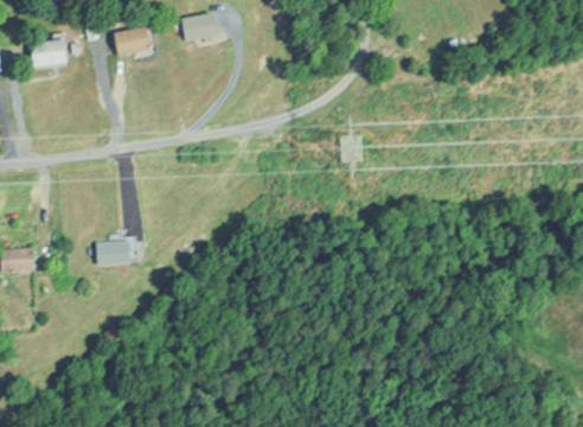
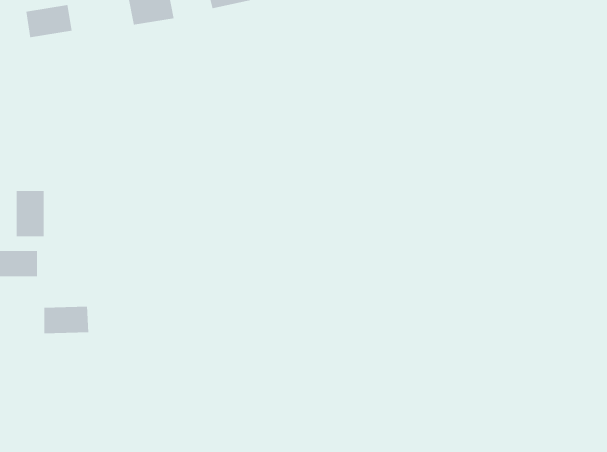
building: none -> [16,190,44,237]
building: [96,241,135,265] -> [43,306,89,334]

